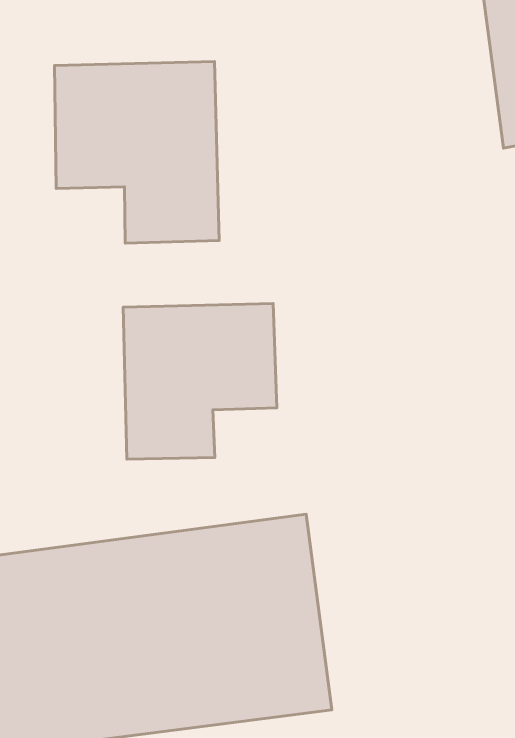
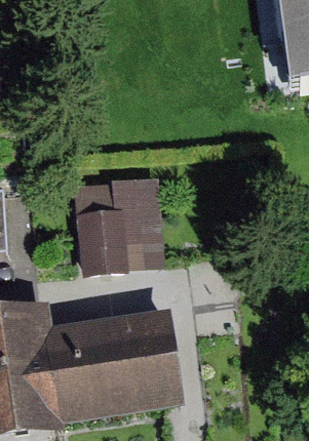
building: [54,62,219,243] -> none

